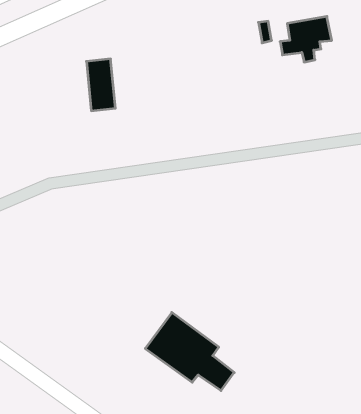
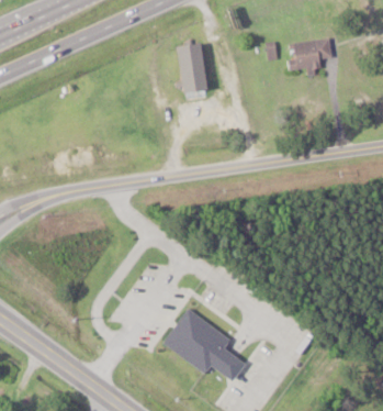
building: [86,59,115,111] -> [177,41,203,88]

